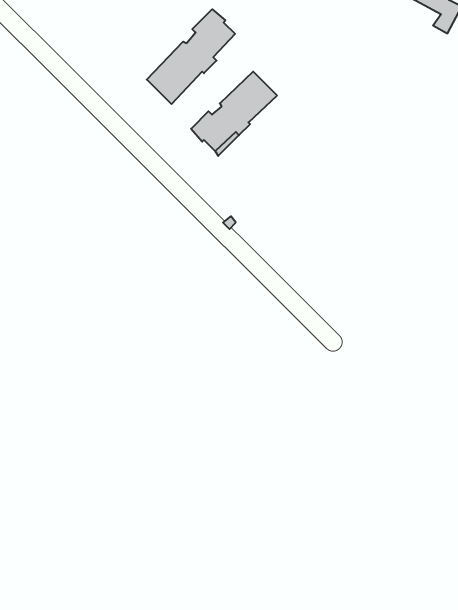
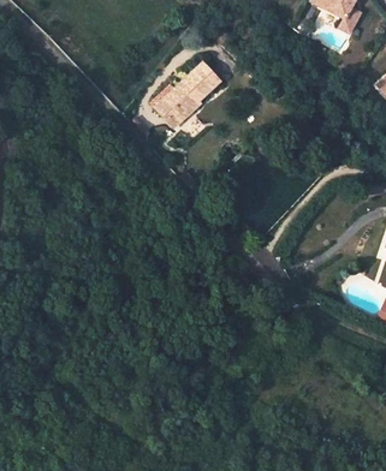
building: [147,9,235,104] -> none

